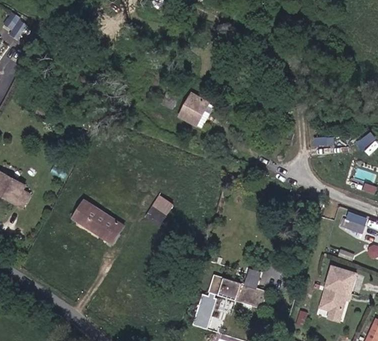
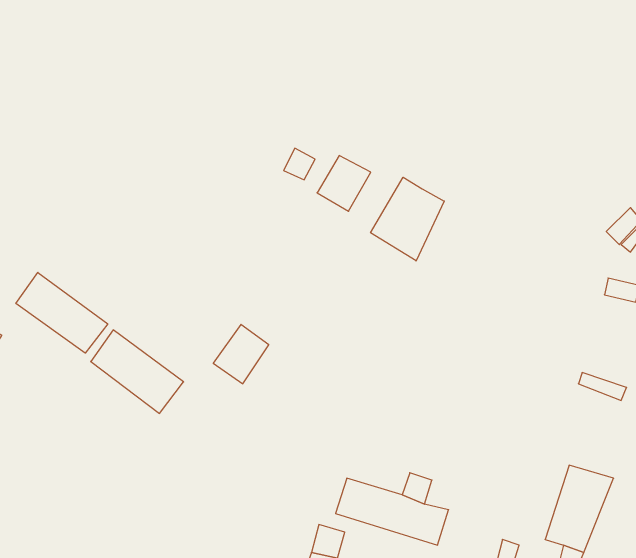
building: none -> [371,177,444,261]
building: none -> [16,272,108,353]

